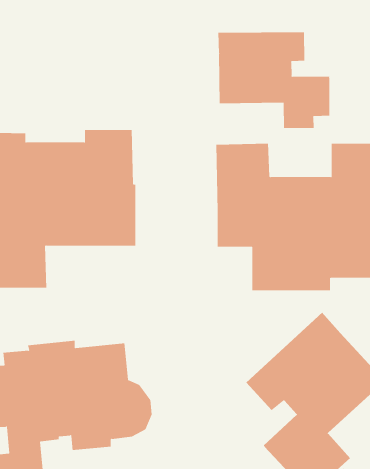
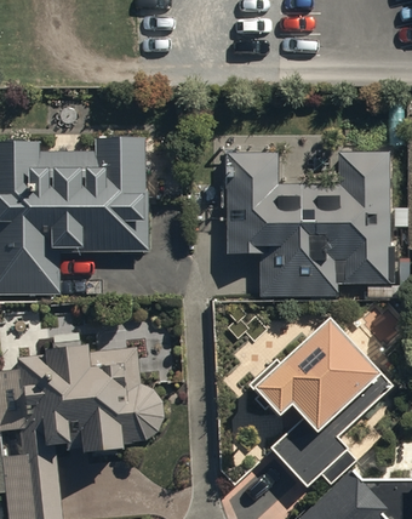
building: [218,31,330,129] -> none

